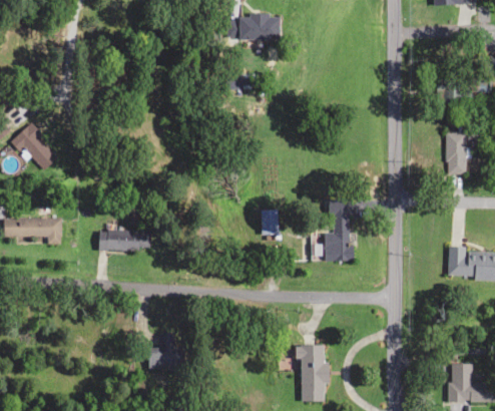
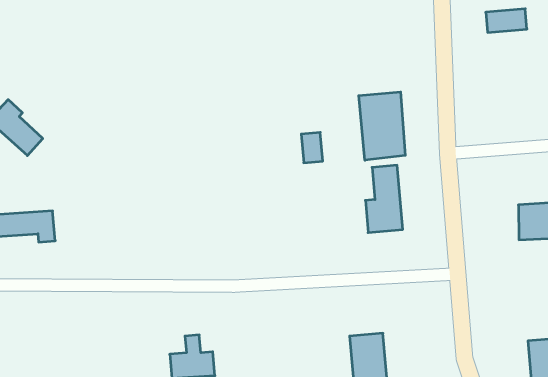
building: [446,132,466,174] -> none
building: none -> [359,92,405,160]
building: [262,210,278,234] -> [301,132,323,163]
building: [99,230,150,251] -> none

